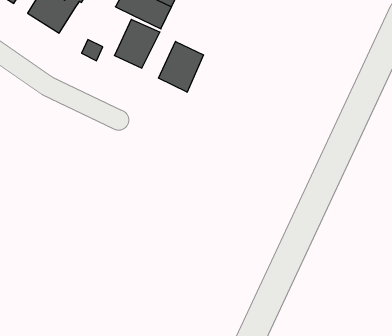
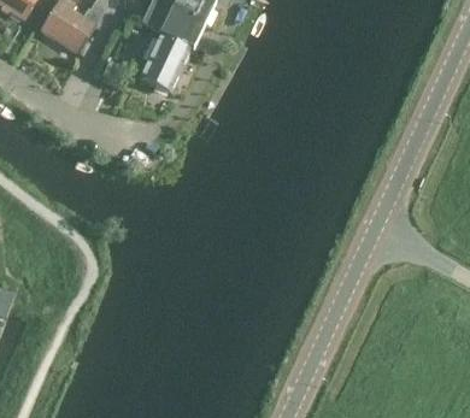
building: [158,41,204,92] -> none

